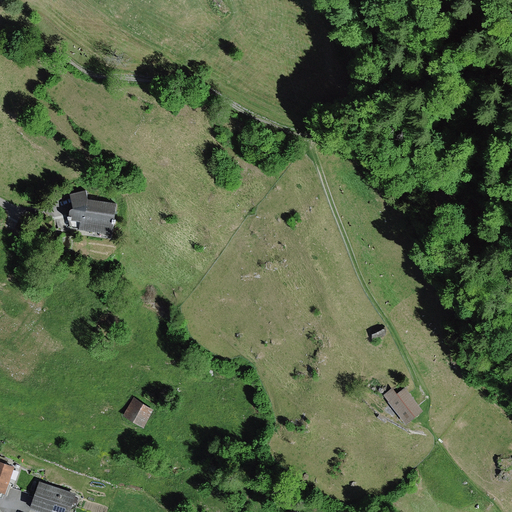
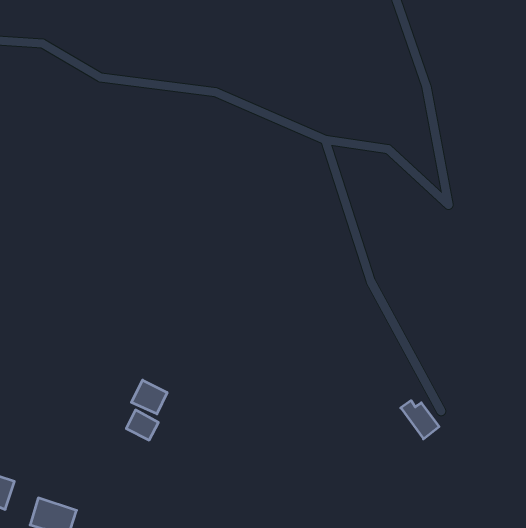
building: [66,190,115,234] -> none
building: none -> [131,380,167,414]

